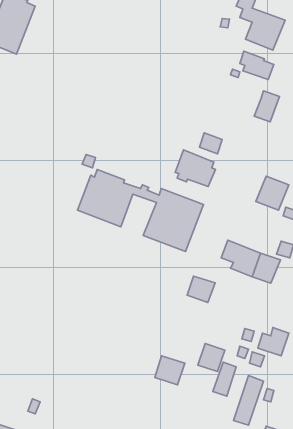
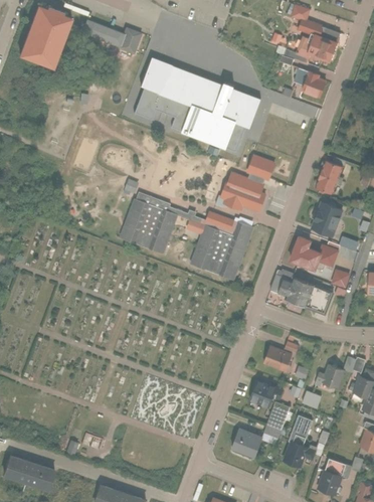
building: none -> [81,20,141,54]
building: none -> [134,57,260,151]
building: [254,91,279,122] -> [316,160,343,193]
building: none -> [291,235,341,270]
building: [187,276,215,303] -> [261,346,292,374]
building: [155,356,185,385] -> [229,429,261,460]

